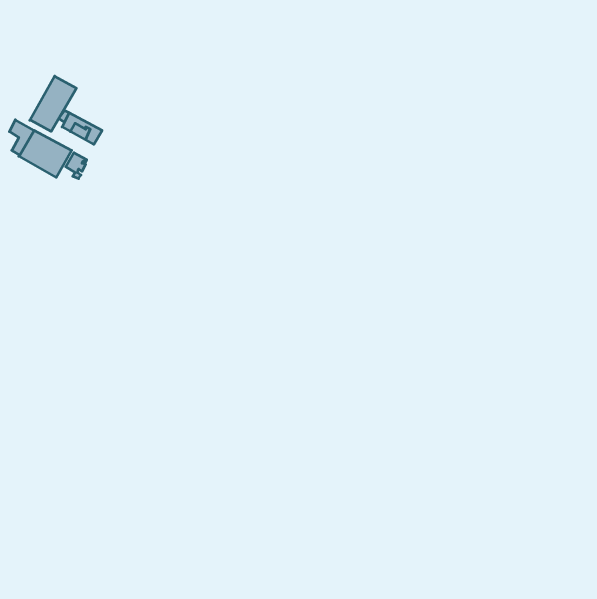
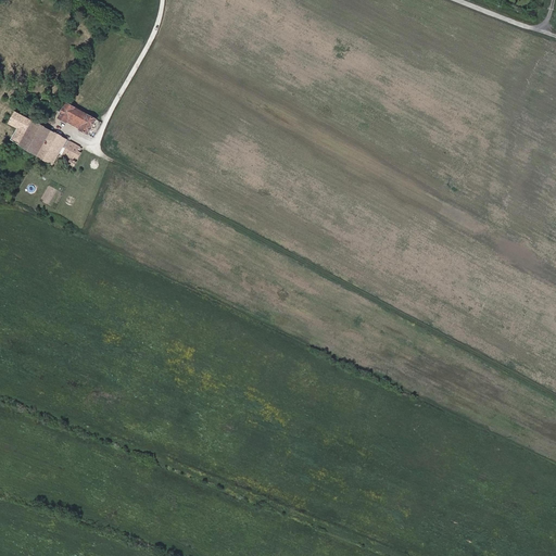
building: [30,76,76,131] -> none

